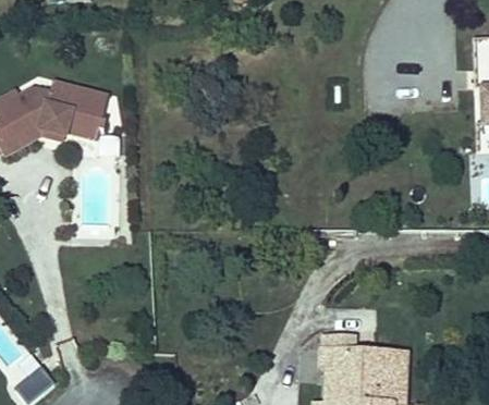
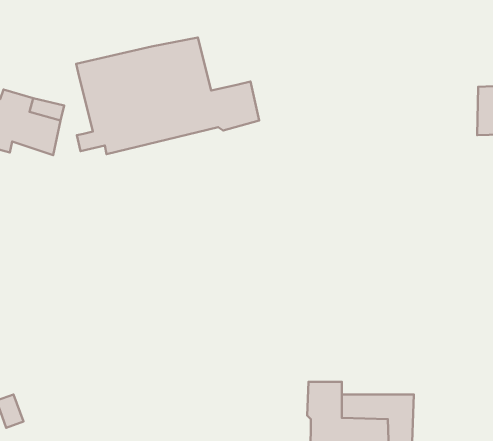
building: none -> [76,37,259,154]

